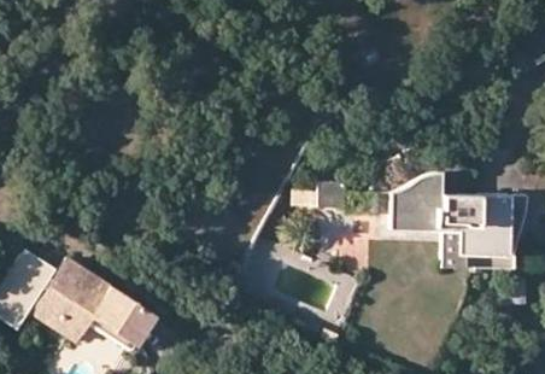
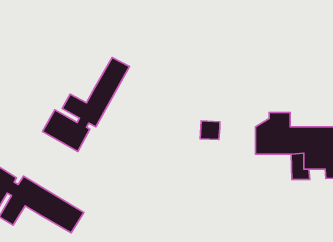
building: none -> [42,57,129,152]
building: [52,304,134,349] -> none

